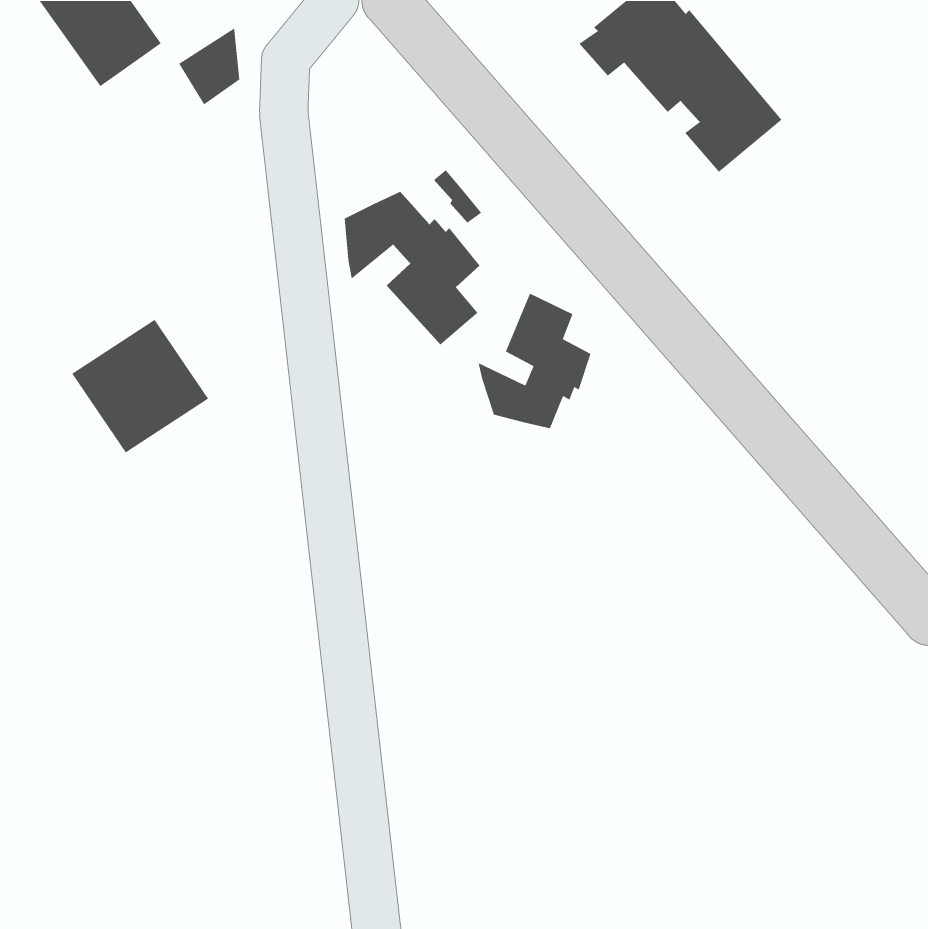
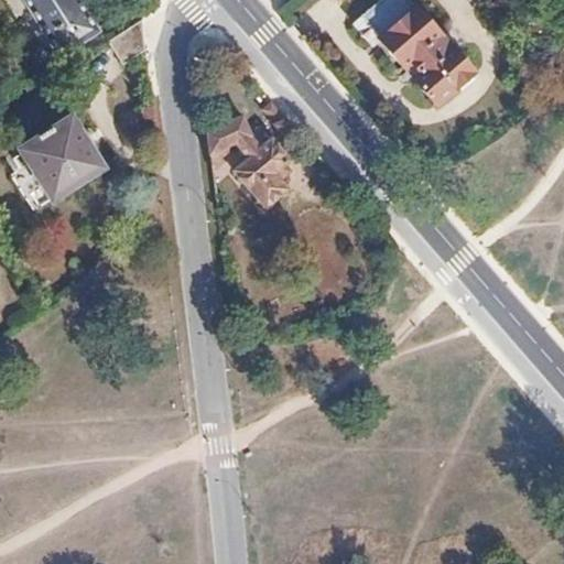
building: [477,292,592,429] -> none
building: [71,319,209,453] -> [23,117,107,198]

